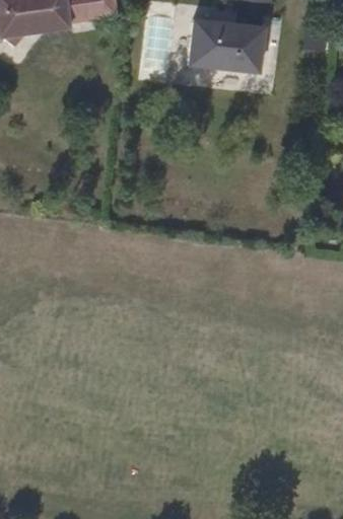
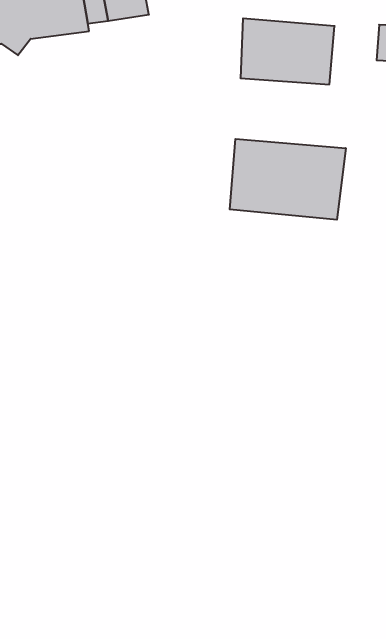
building: none -> [230,139,346,220]

